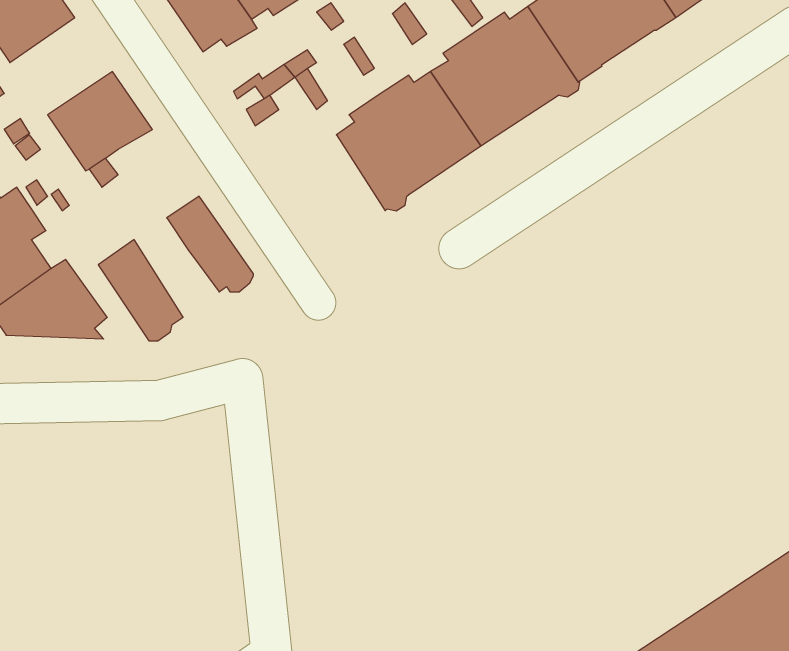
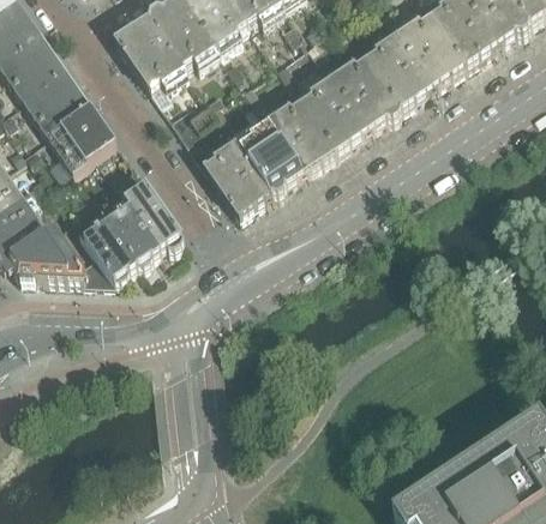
building: none -> [19,64,88,128]
building: none -> [191,137,269,213]
building: none -> [102,197,158,263]

